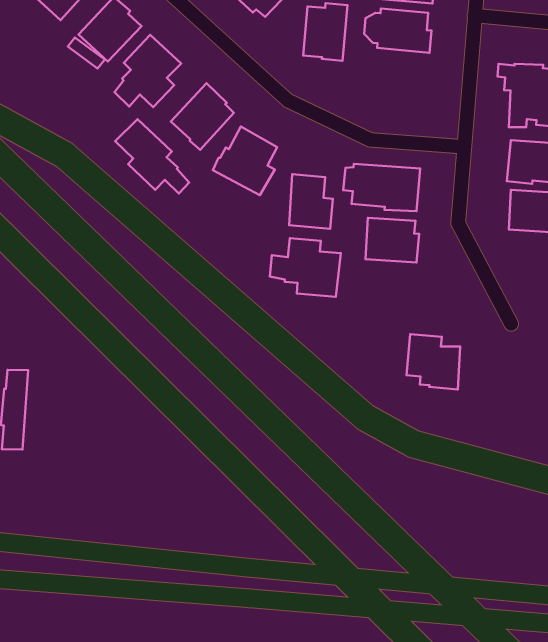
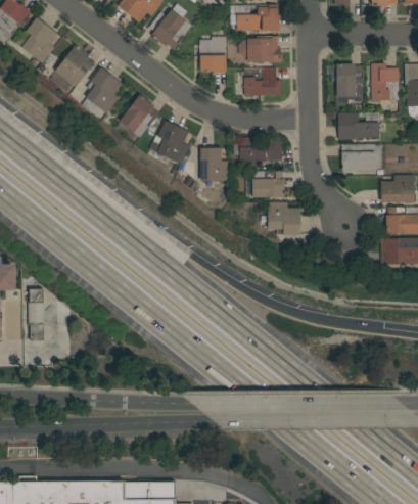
building: none -> [244,68,281,96]
building: [115,119,189,194] -> none
building: [270,238,341,297] -> none
building: [406,334,460,390] -> [268,202,301,235]

